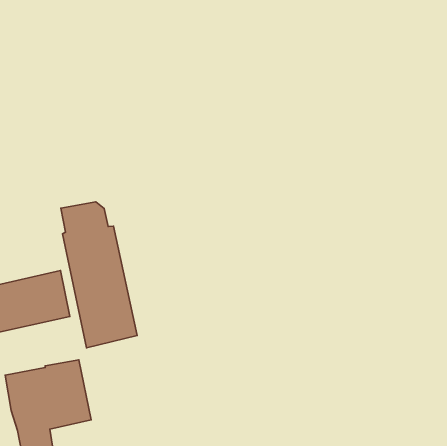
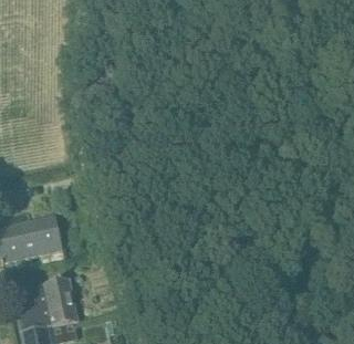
building: [61,202,137,348] -> none

